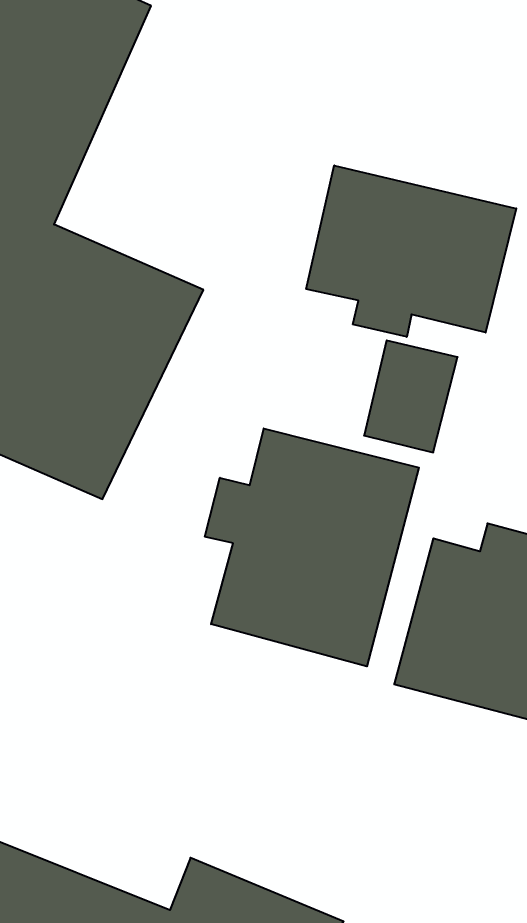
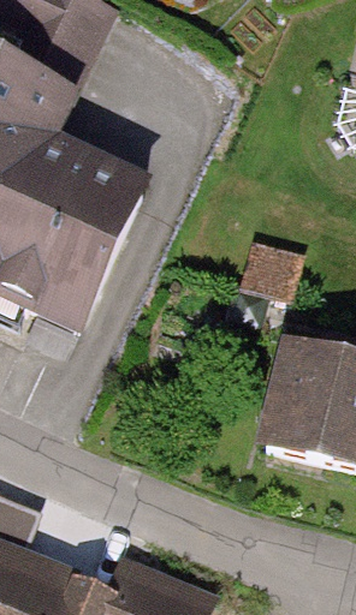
building: [306,165,516,337] -> none
building: [205,428,419,666] -> none

